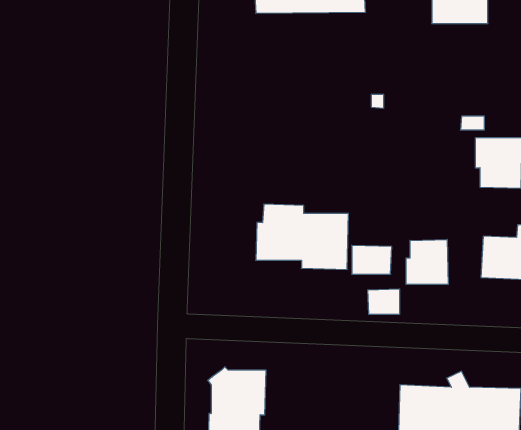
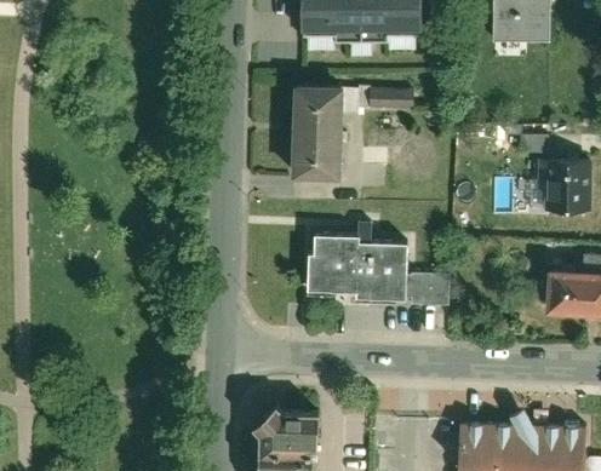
building: none -> [292,79,414,174]
building: [406,239,448,284] -> none
building: [368,289,399,314] -> none

